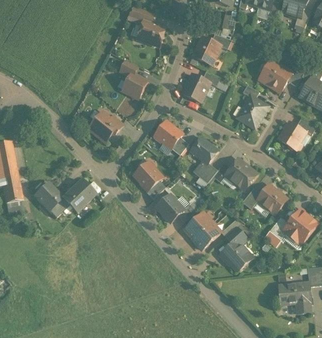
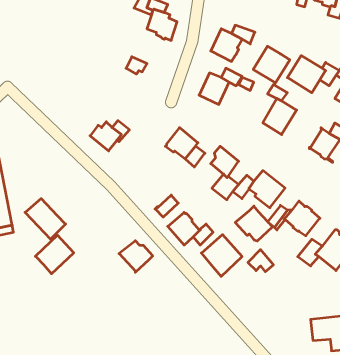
building: none -> [253,46,290,83]
building: [122,72,147,98] -> none
building: [133,163,162,190] -> [119,241,153,272]
building: [61,179,94,212] -> [35,235,74,274]
building: [220,240,252,270] -> [235,206,272,241]

